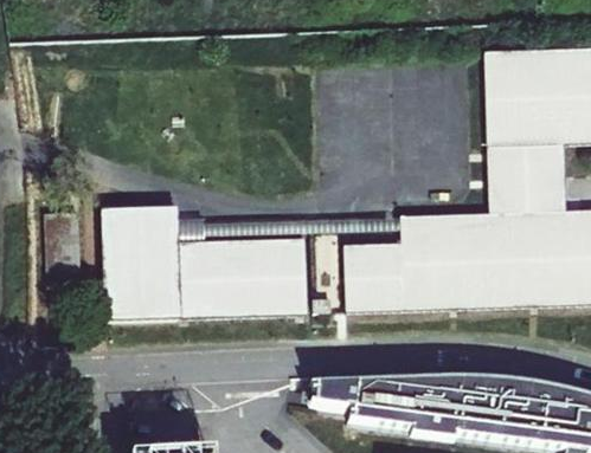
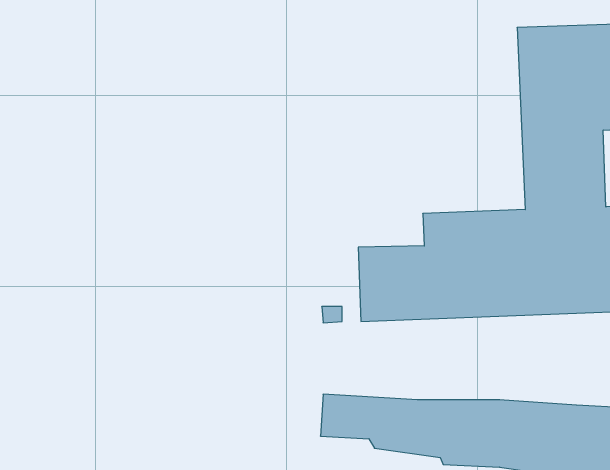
building: [103,205,307,316] -> none

